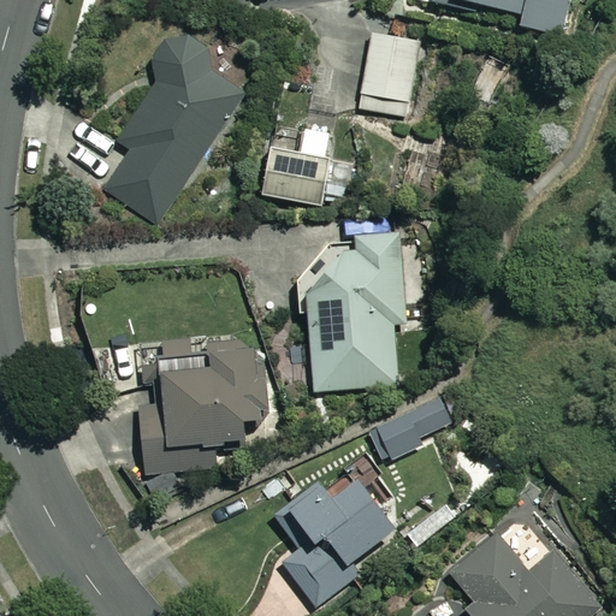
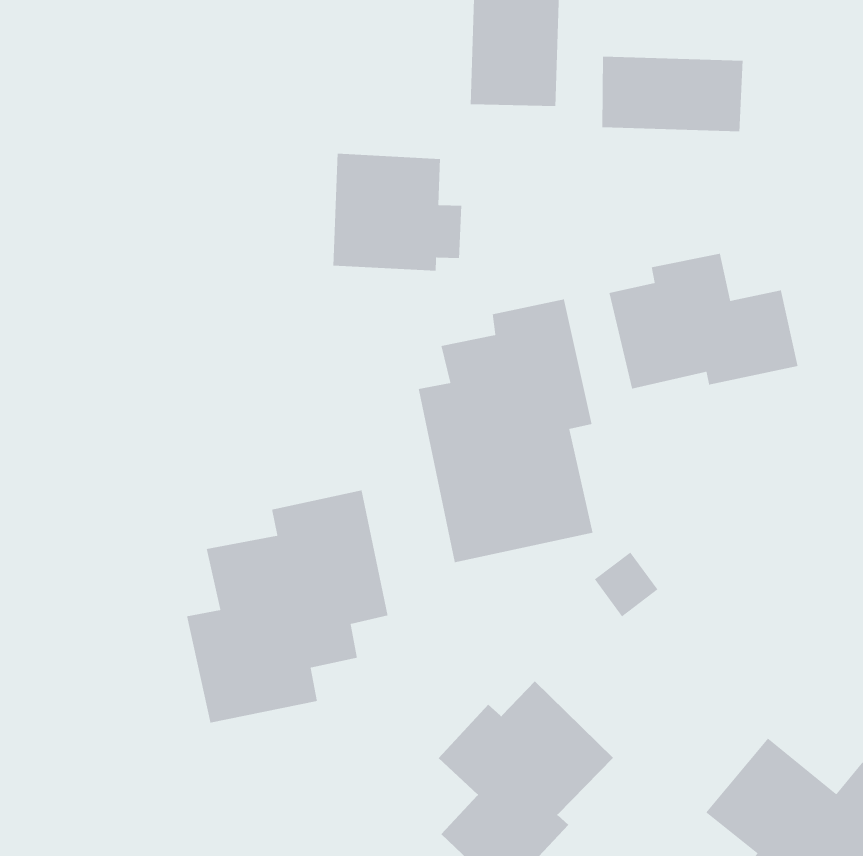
building: [106,36,245,226] -> none
building: none -> [602,56,743,132]
building: none -> [608,253,798,390]

